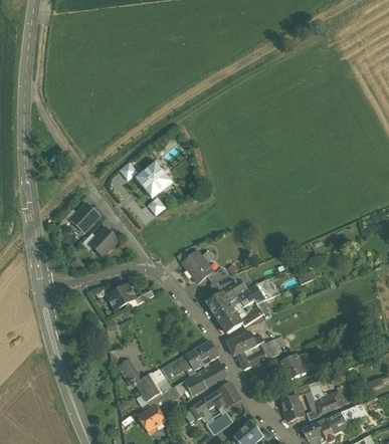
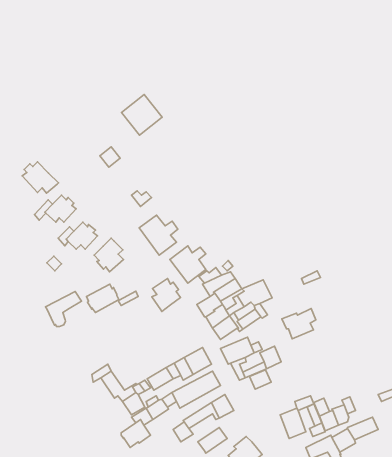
building: [135,161,171,197] -> [122,95,162,135]
building: none -> [22,162,58,193]
building: none -> [139,215,178,255]
building: none -> [94,238,123,272]
building: none -> [152,278,181,311]
building: none -> [46,291,81,327]
building: [279,352,310,379] -> [282,309,316,339]

